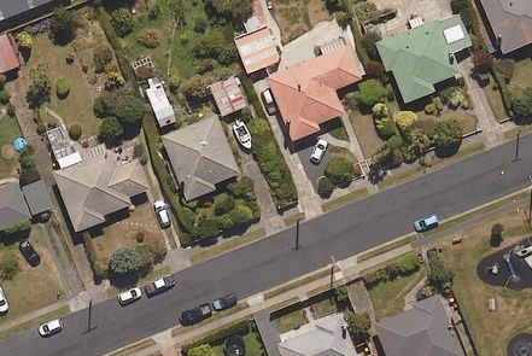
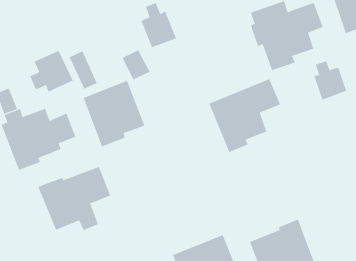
building: [267,45,361,141] -> [208,79,281,153]
building: none -> [29,50,74,92]
building: none -> [313,60,347,100]
building: none -> [37,166,111,231]

